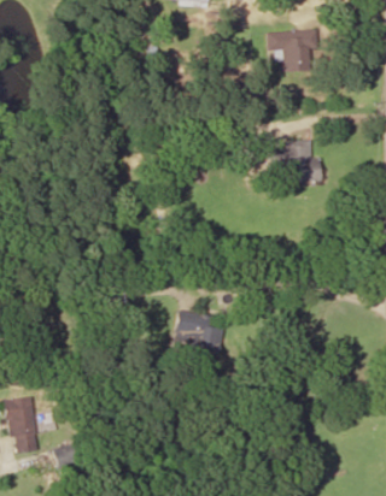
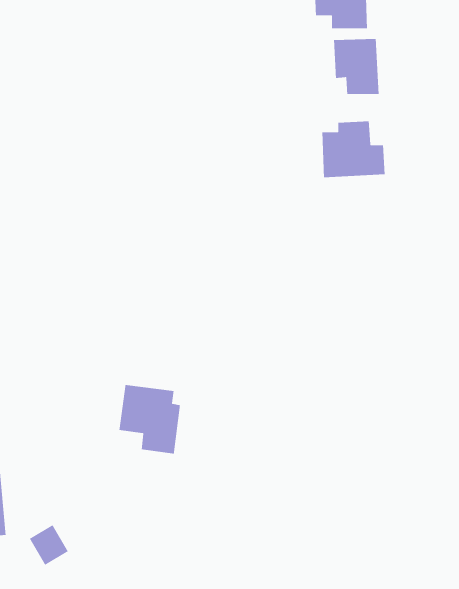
building: none -> [333,38,379,95]
building: [175,311,222,364] -> [118,384,181,455]

